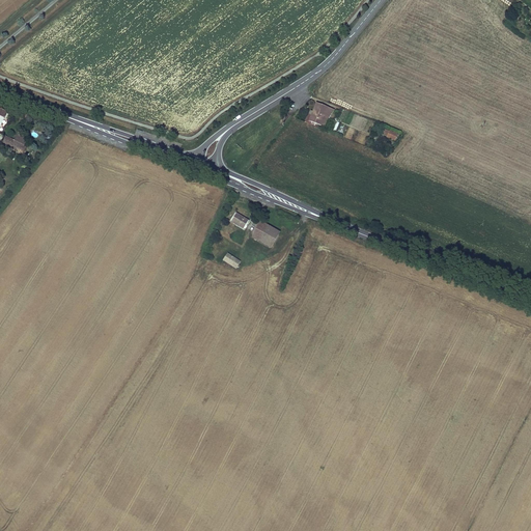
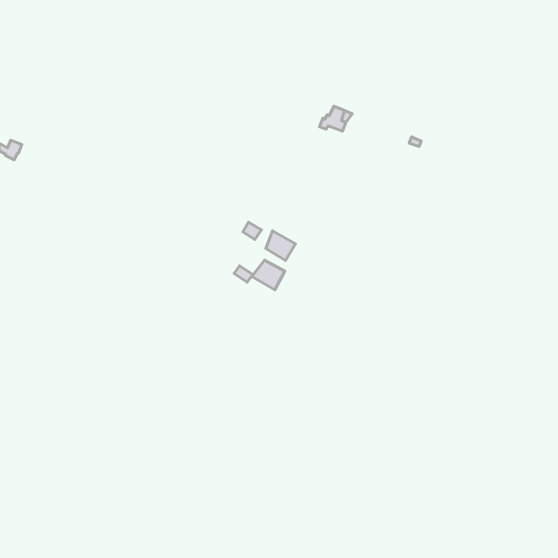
building: none -> [252,260,285,290]

